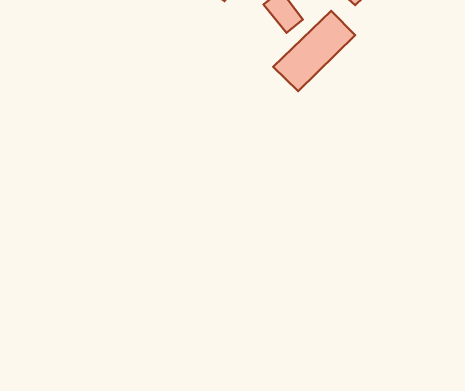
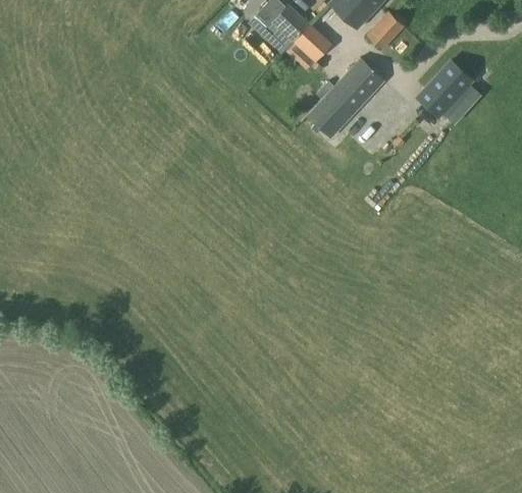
building: none -> [415,58,475,119]

